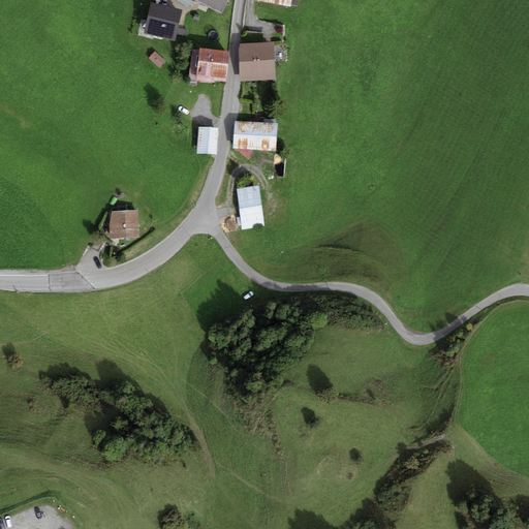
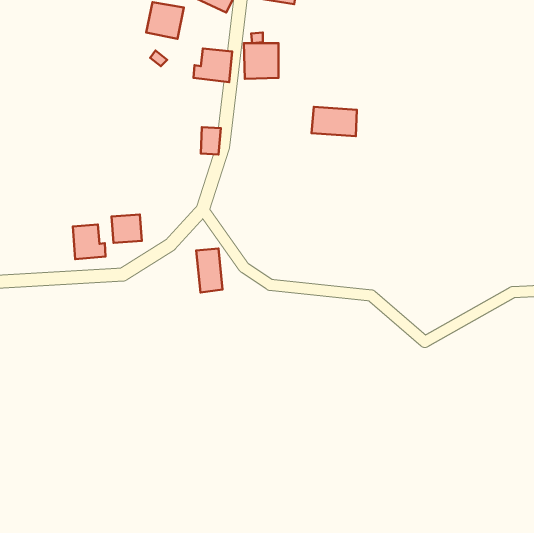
building: [232,121,277,150] -> [312,107,357,136]
building: [238,185,263,228] -> [196,248,223,293]
building: none -> [73,225,106,259]

